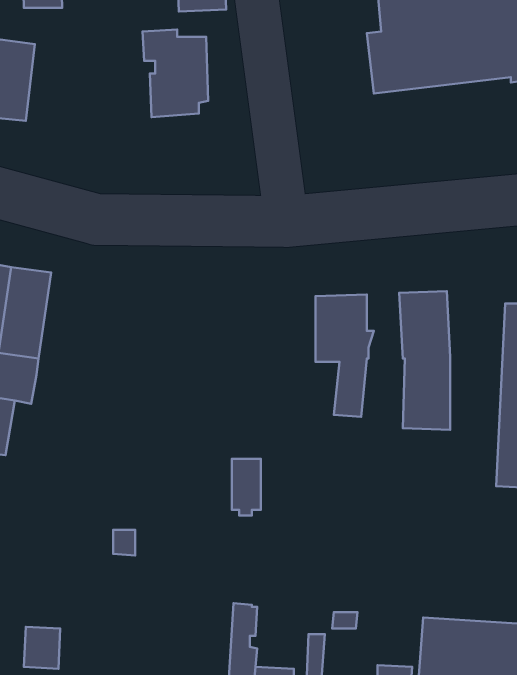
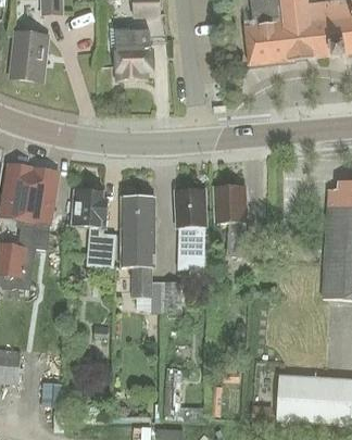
building: [399,291,450,430] -> [176,188,206,271]
building: none -> [73,188,116,267]
building: none -> [122,192,154,311]

